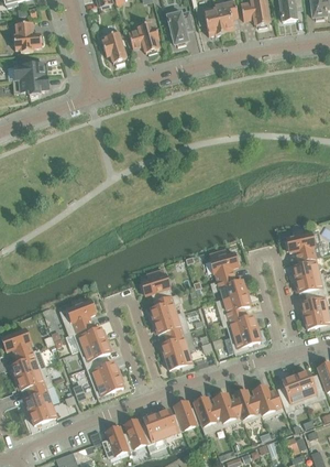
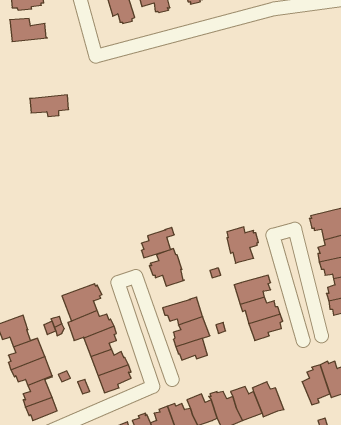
building: [13,76,48,96] -> [30,95,69,117]
building: [211,276,248,298] -> none
building: [150,294,179,322] -> [141,227,174,258]
building: [253,385,283,416] -> none

